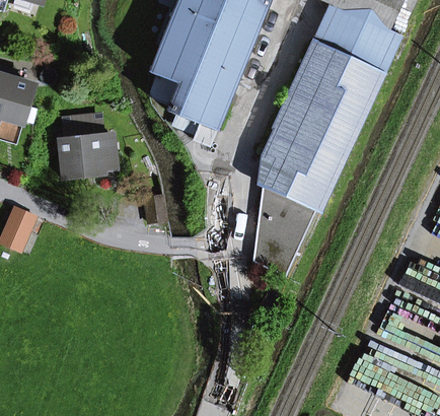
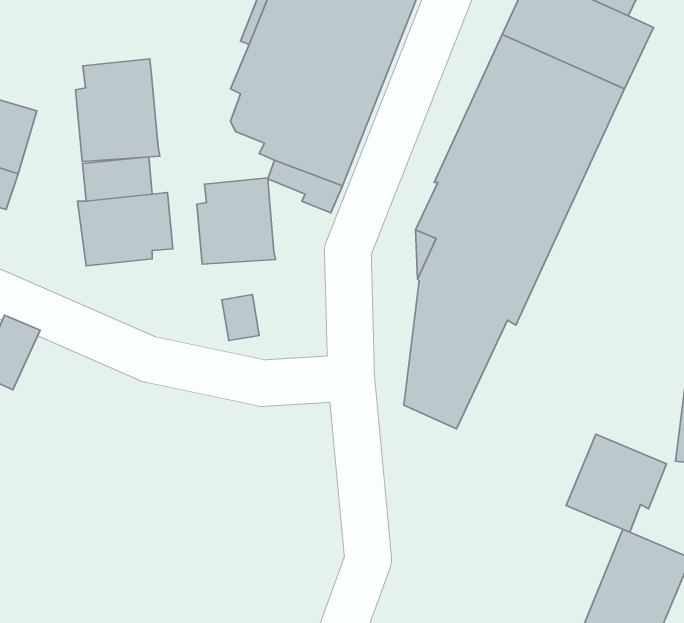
building: none -> [75,59,160,161]
building: none -> [197,178,275,264]
building: none -> [566,434,667,532]

